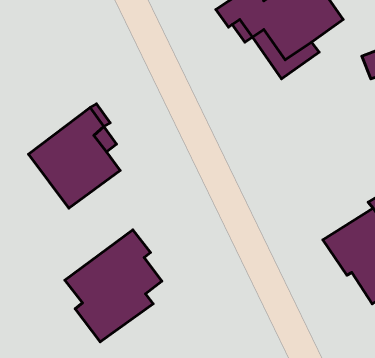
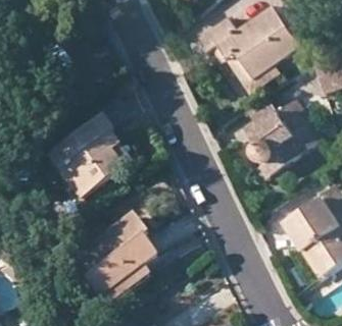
building: none -> [247,99,322,175]

